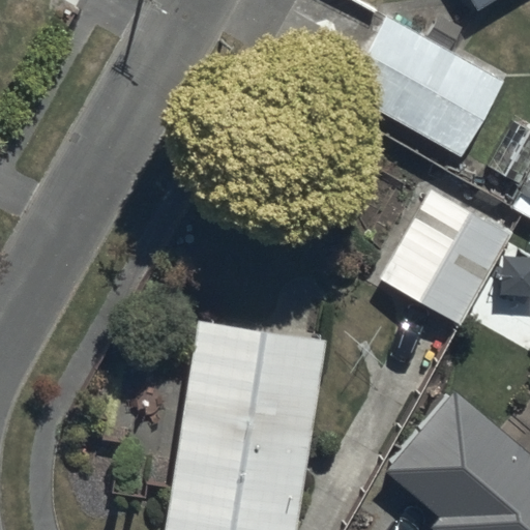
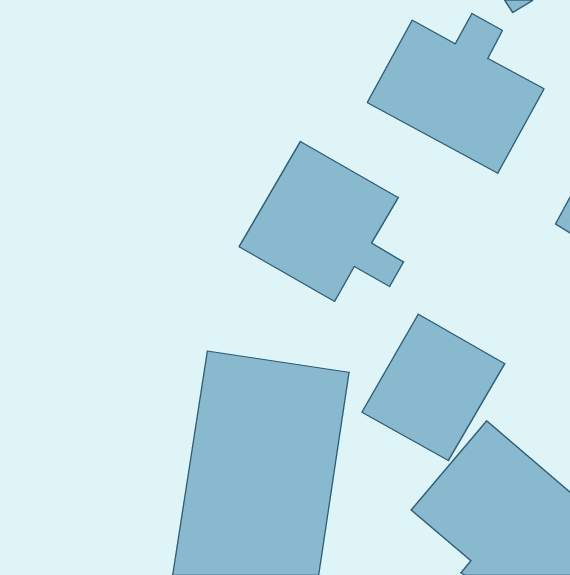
building: none -> [239,141,404,301]
building: [384,188,516,323] -> [362,314,505,461]

